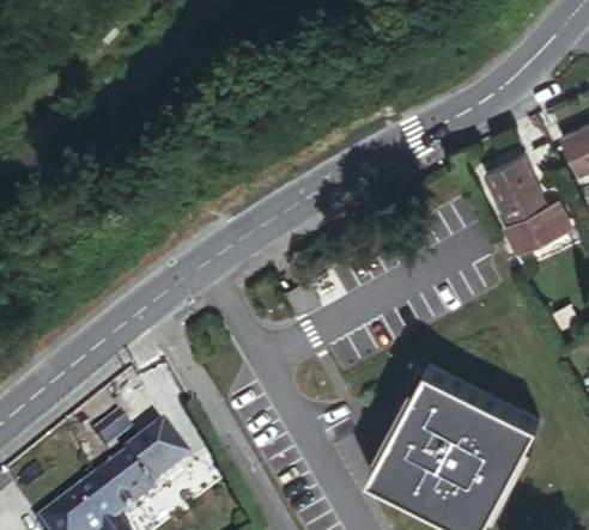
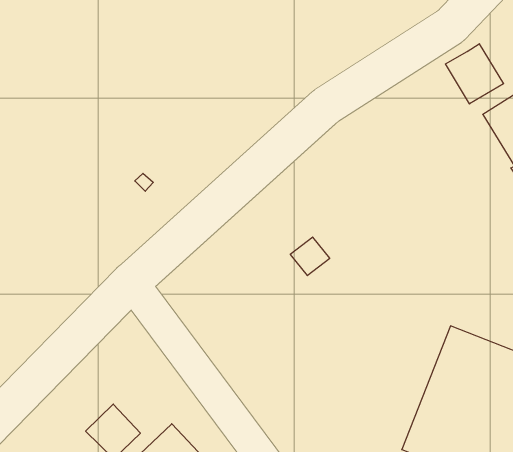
building: none -> [445,44,504,104]

